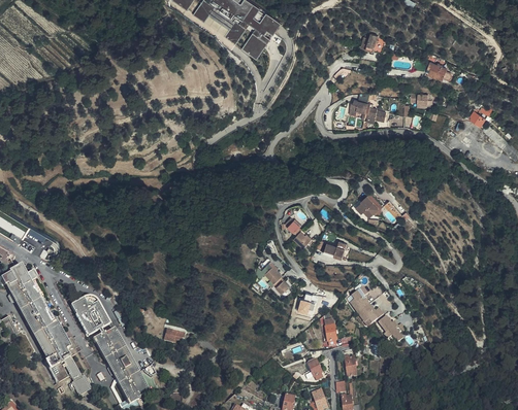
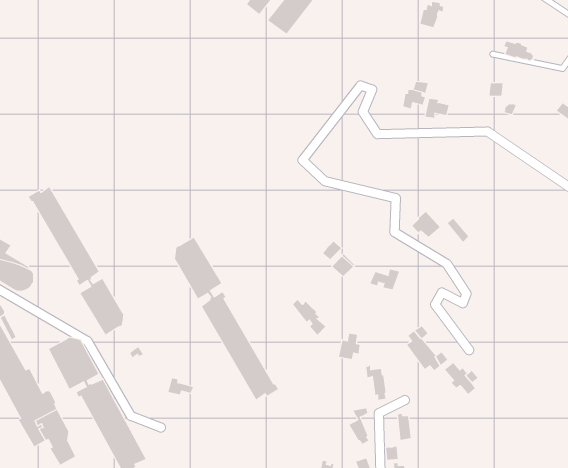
building: none -> [28,186,124,335]
building: none -> [174,237,279,400]

